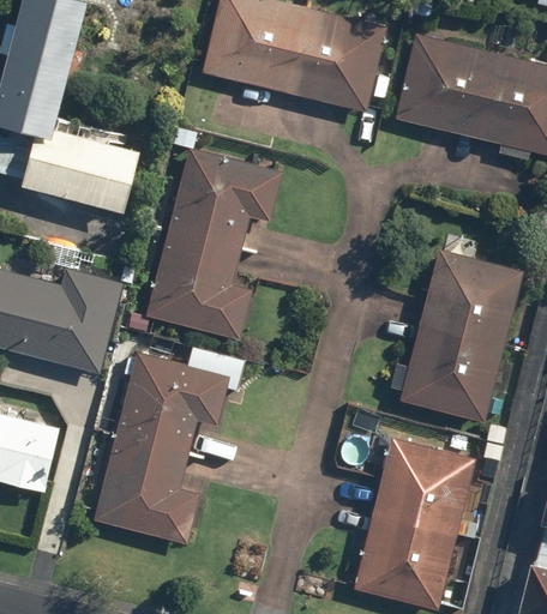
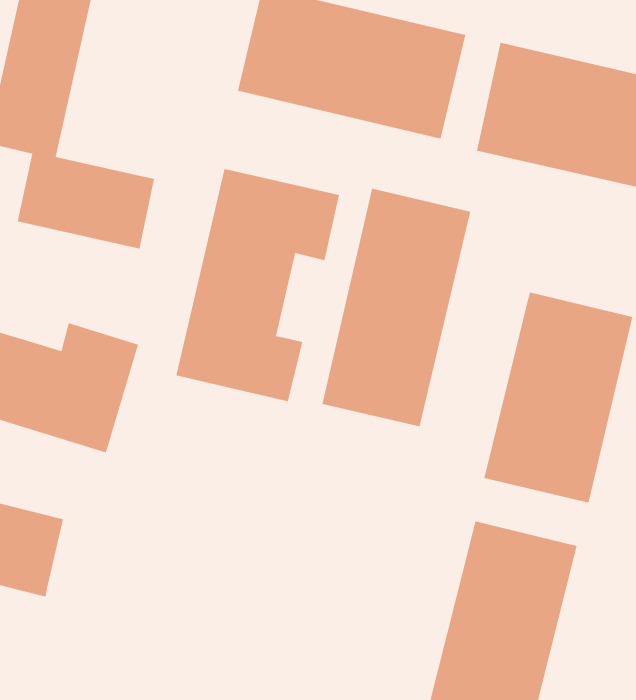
building: none -> [322,188,471,427]
building: [94,348,234,537] -> none

